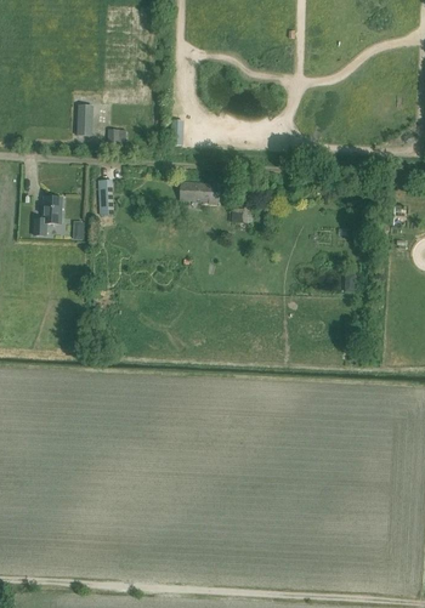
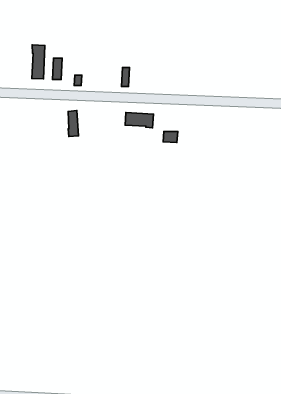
building: none -> [32,45,45,79]
building: [35,195,62,235] -> none

